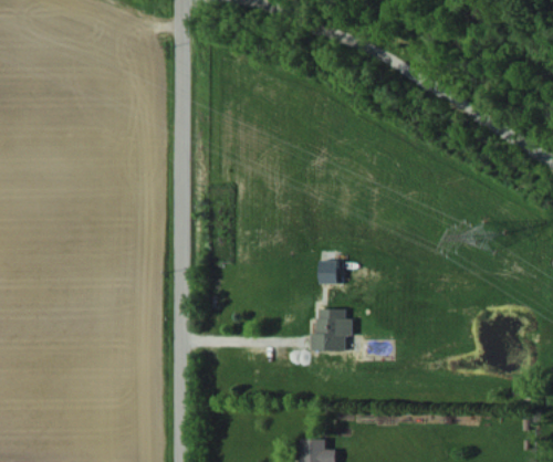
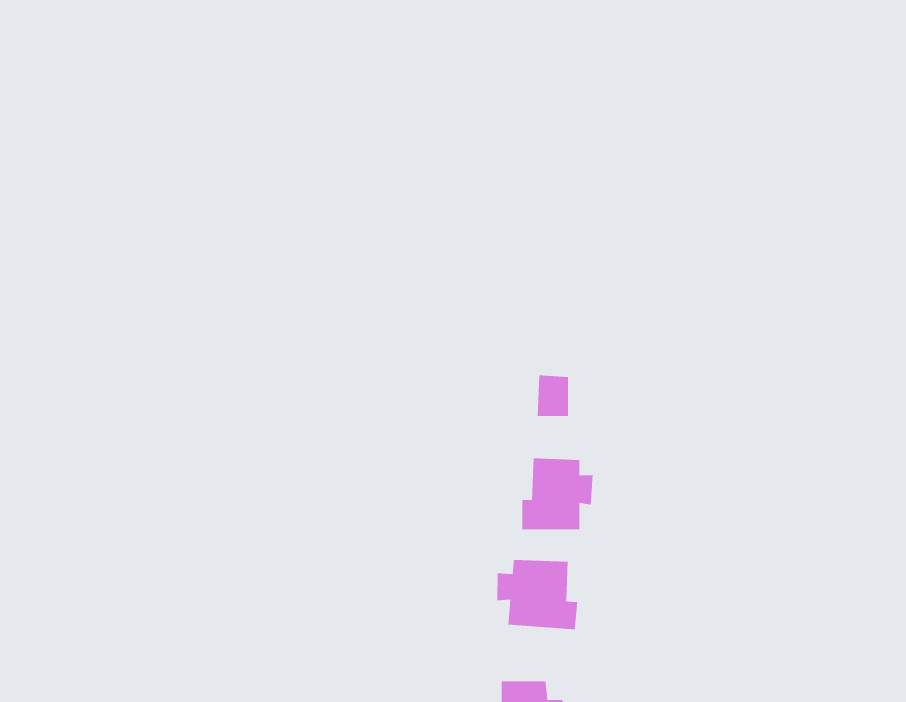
building: none -> [497,559,578,630]

